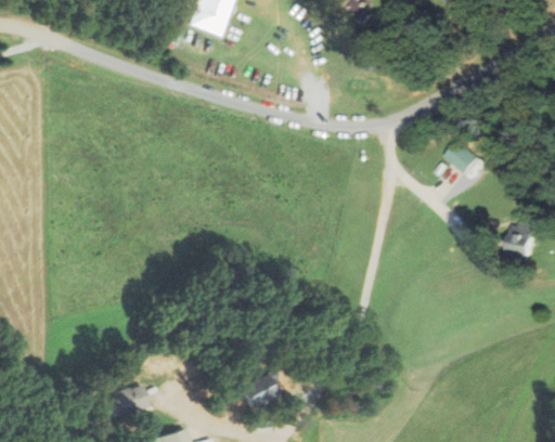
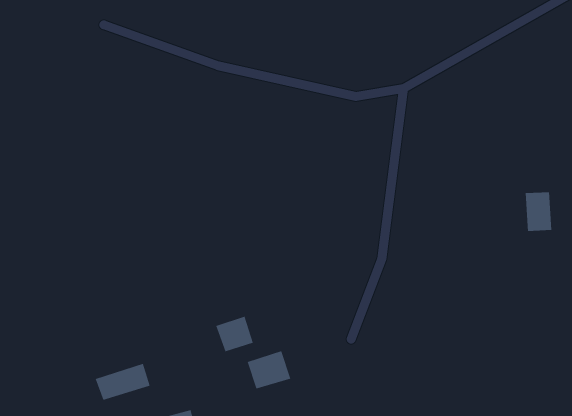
building: [440,140,476,173] -> none
building: none -> [215,316,254,352]

